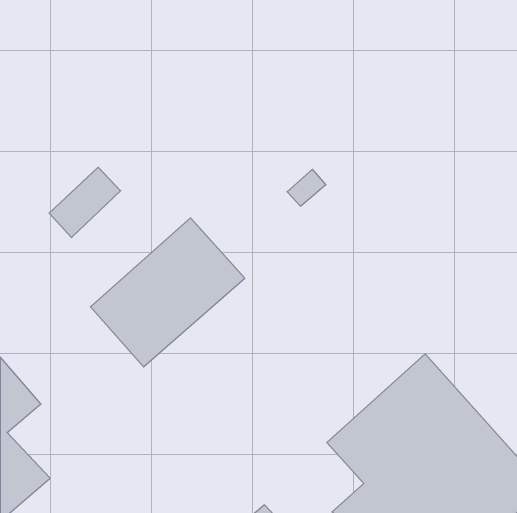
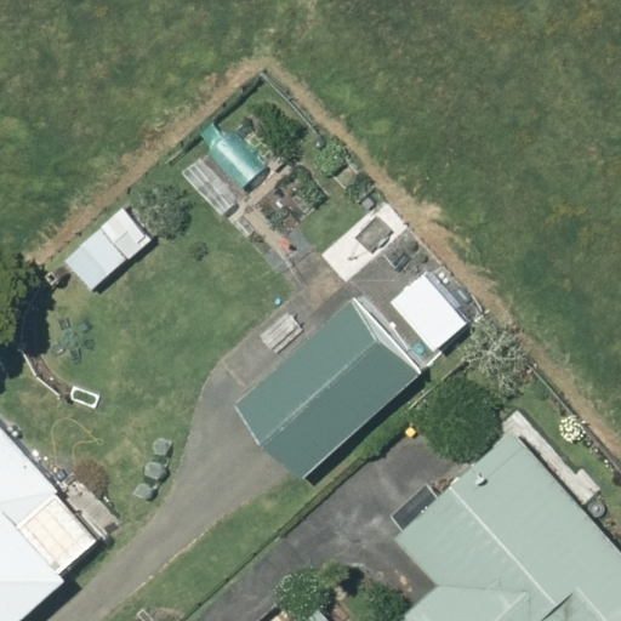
building: [90,218,245,367] -> [234,301,417,478]

